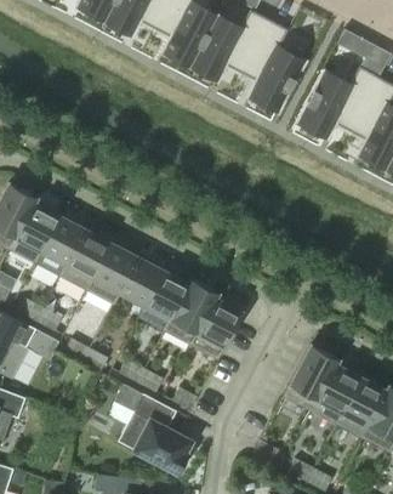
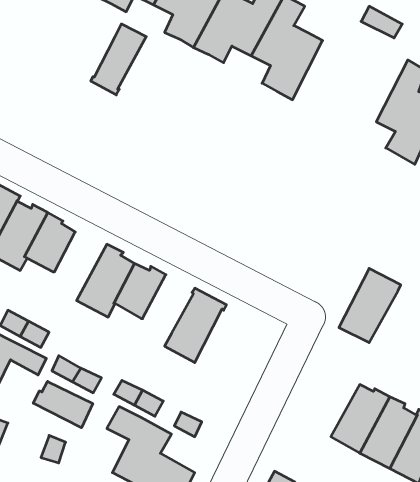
building: none -> [91,24,146,95]
building: [298,68,378,138] -> none
building: [59,229,113,290] -> none
building: [137,267,189,330] -> none
building: [190,297,244,358] -> none
building: [284,345,338,410] -> [339,268,401,343]
building: none -> [33,381,93,428]

